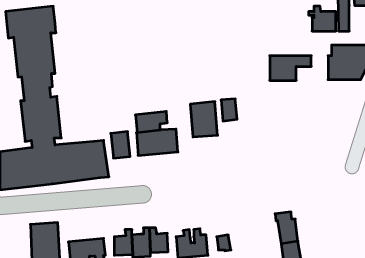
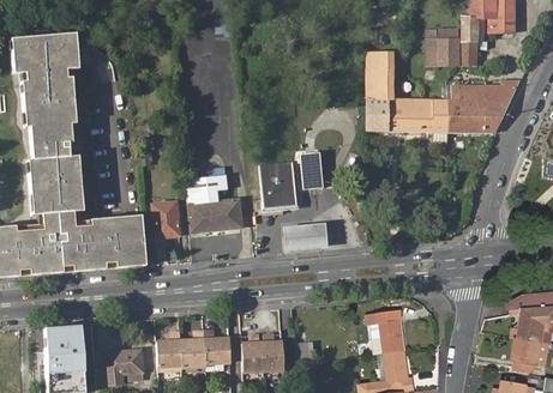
building: none -> [367,54,390,98]
building: none -> [404,98,447,132]
building: none -> [284,223,329,250]

